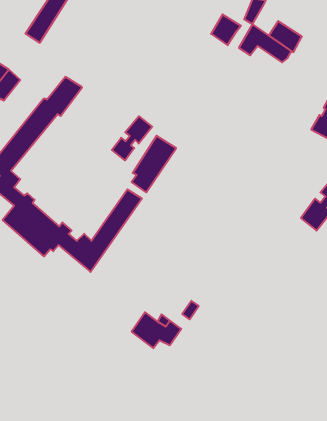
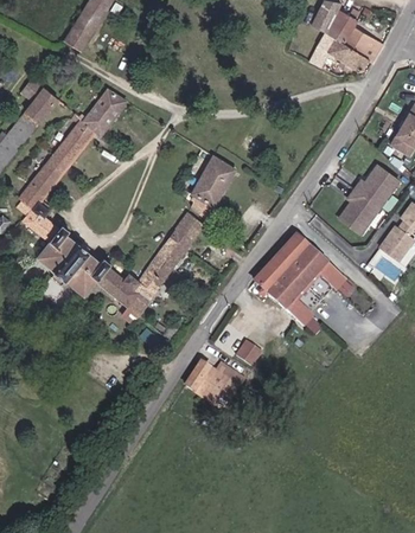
building: [211,14,241,45] -> [323,7,357,43]
building: [112,116,152,160] -> none
building: none -> [338,169,400,237]
building: none -> [255,238,345,327]

